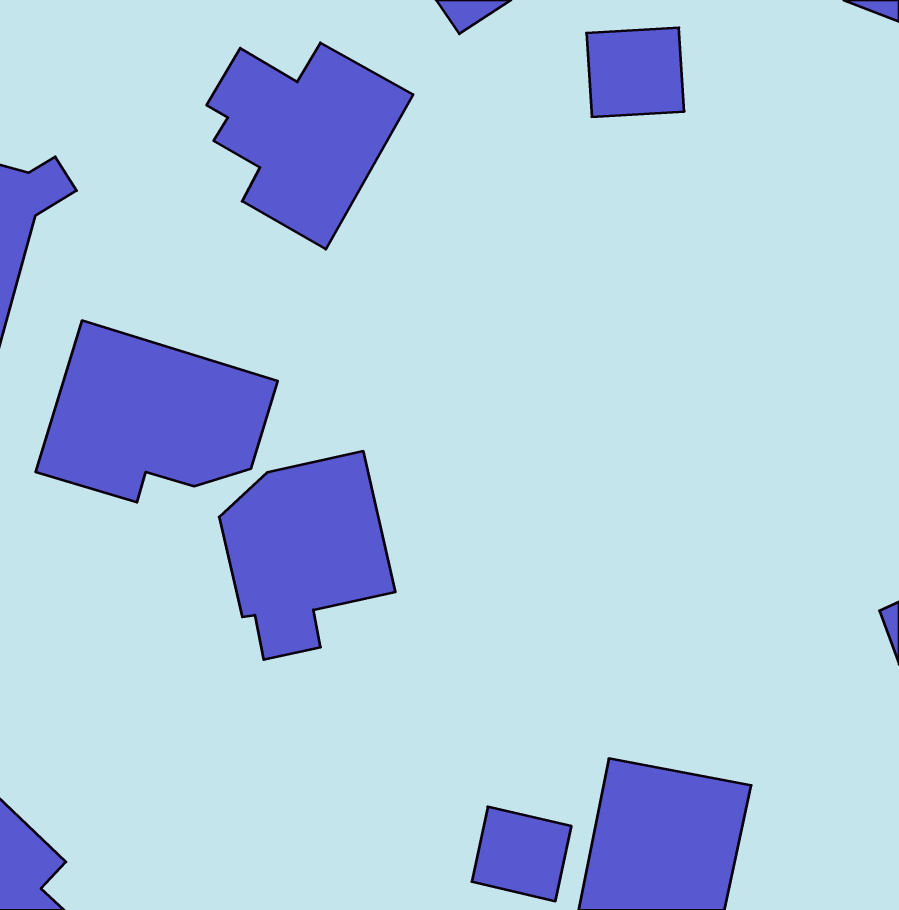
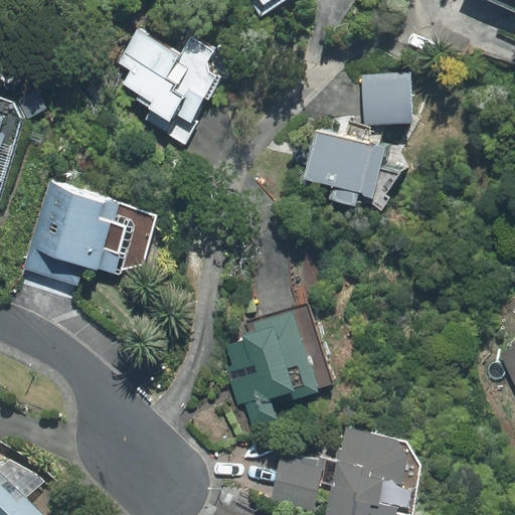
building: [586,28,684,117] -> [360,71,415,122]
building: none -> [306,131,391,205]
building: [219,451,395,660] -> [221,310,321,427]

